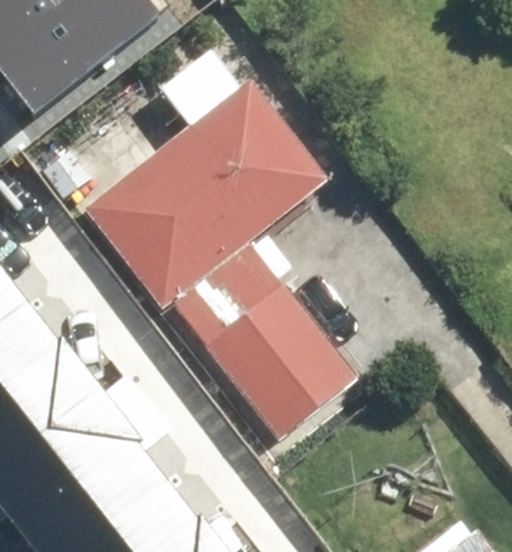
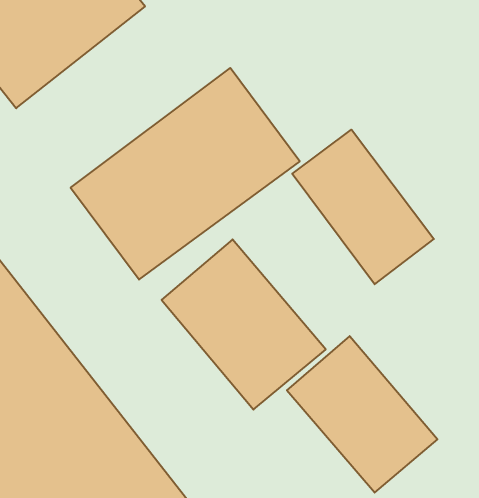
building: none -> [292,130,434,284]
building: none -> [287,336,437,493]

